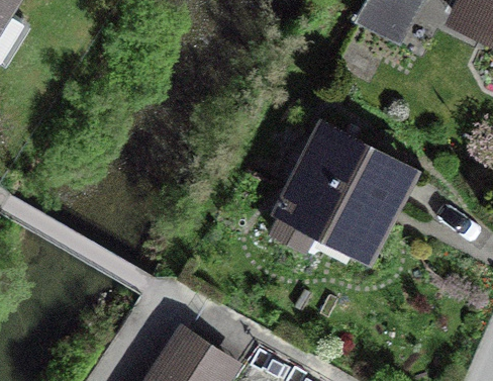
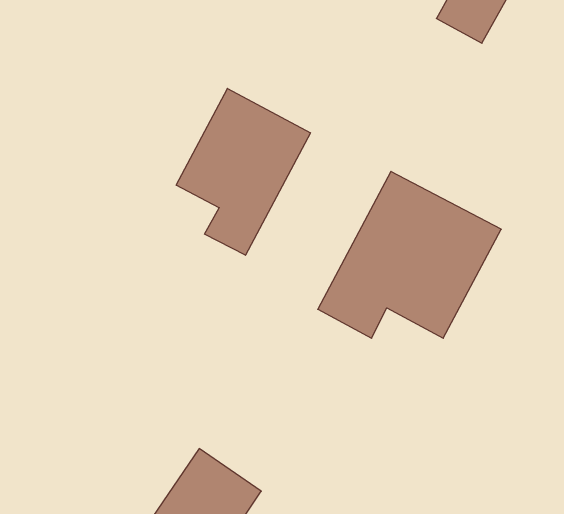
building: none -> [176,88,310,255]

